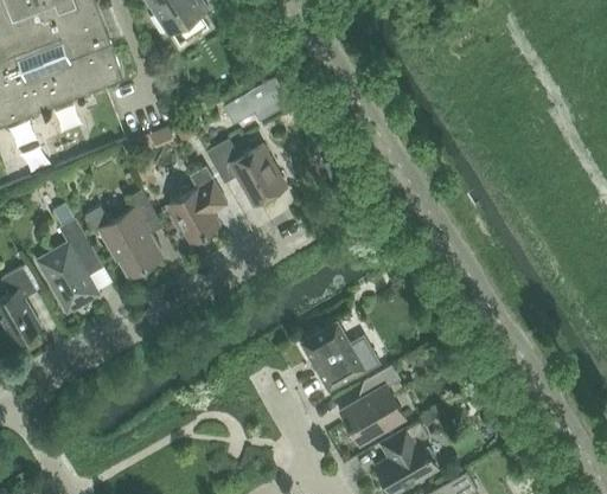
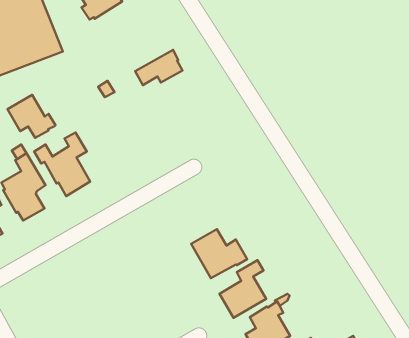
building: none -> [8,95,56,138]
building: [206,139,285,205] -> none
building: [168,166,228,242] -> none

